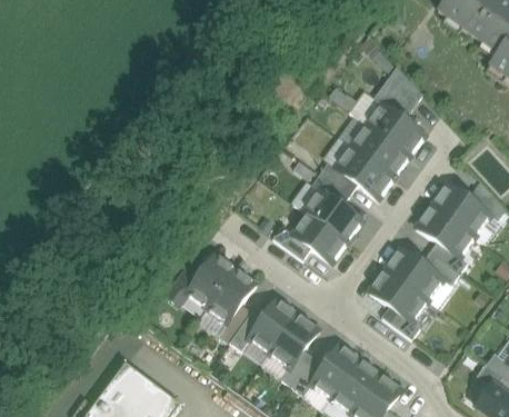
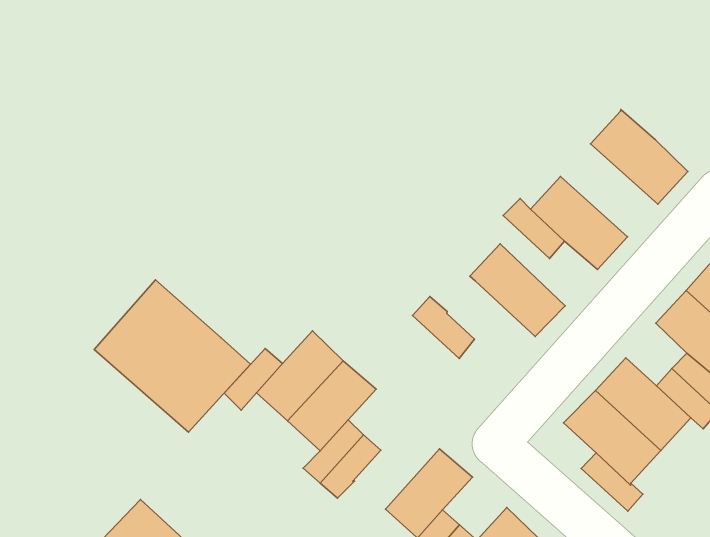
building: [373,66,421,118] -> none
building: [350,125,409,177] -> none
building: [292,212,346,262] -> none
building: none -> [94,280,251,432]
building: [248,298,297,353] -> none

